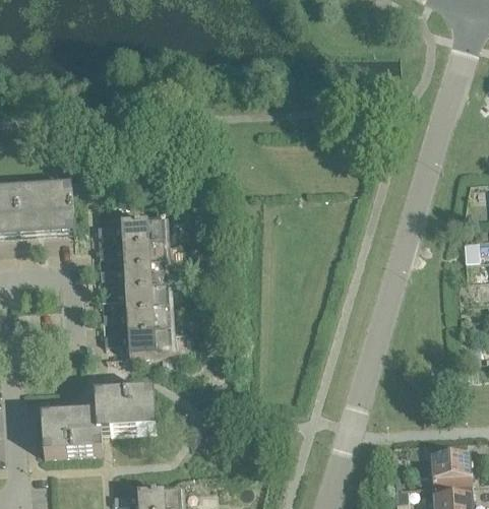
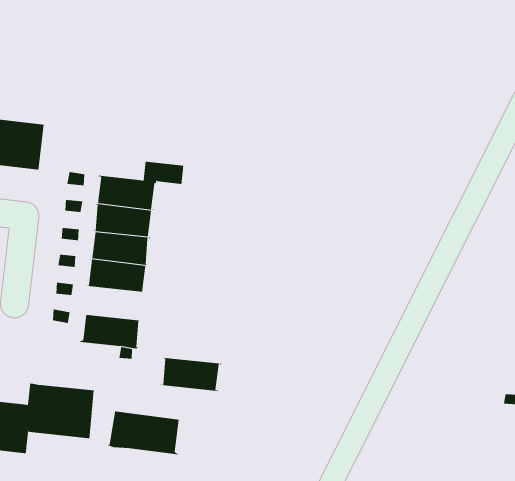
building: [125,306,173,331] -> [160,357,222,392]
building: none -> [107,410,182,455]

